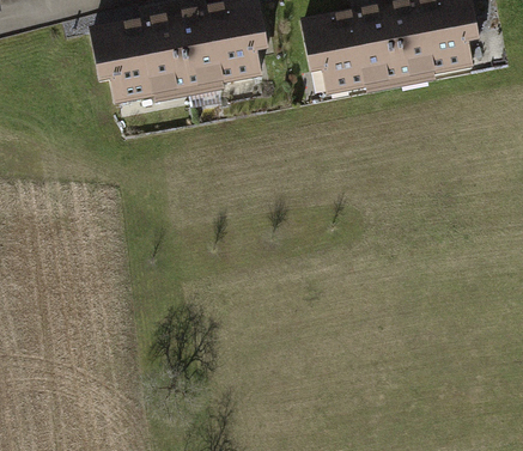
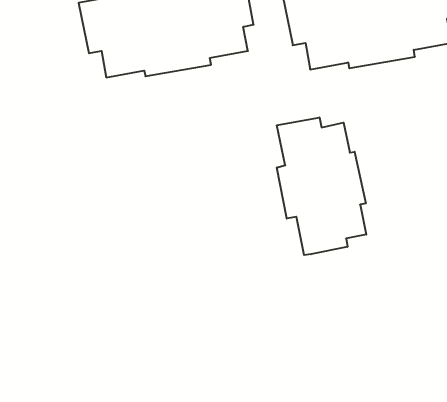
building: none -> [277,117,366,255]

